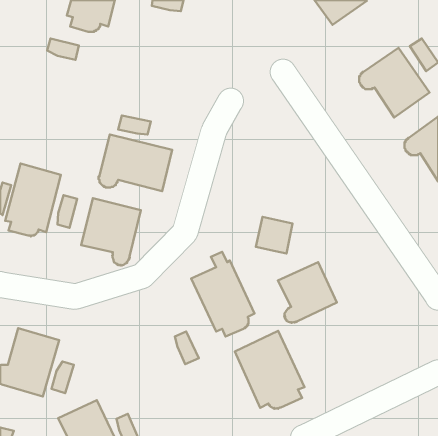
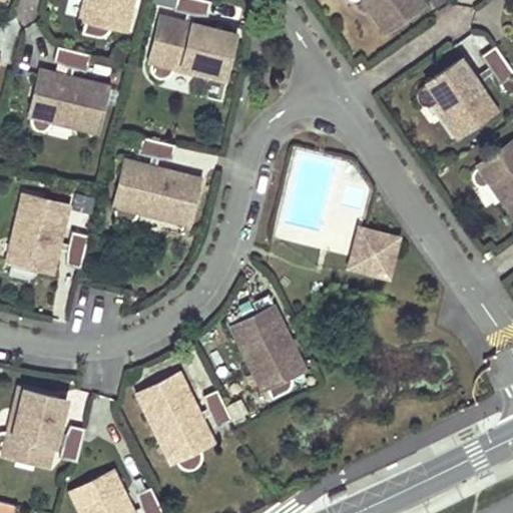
building: none -> [152,14,238,80]
building: none -> [30,69,109,133]
building: [81,198,141,265] -> none
building: [256,217,293,254] -> [354,230,397,274]
building: [278,262,337,323] -> none
building: none -> [136,372,213,469]
building: [235,331,305,409] -> none

